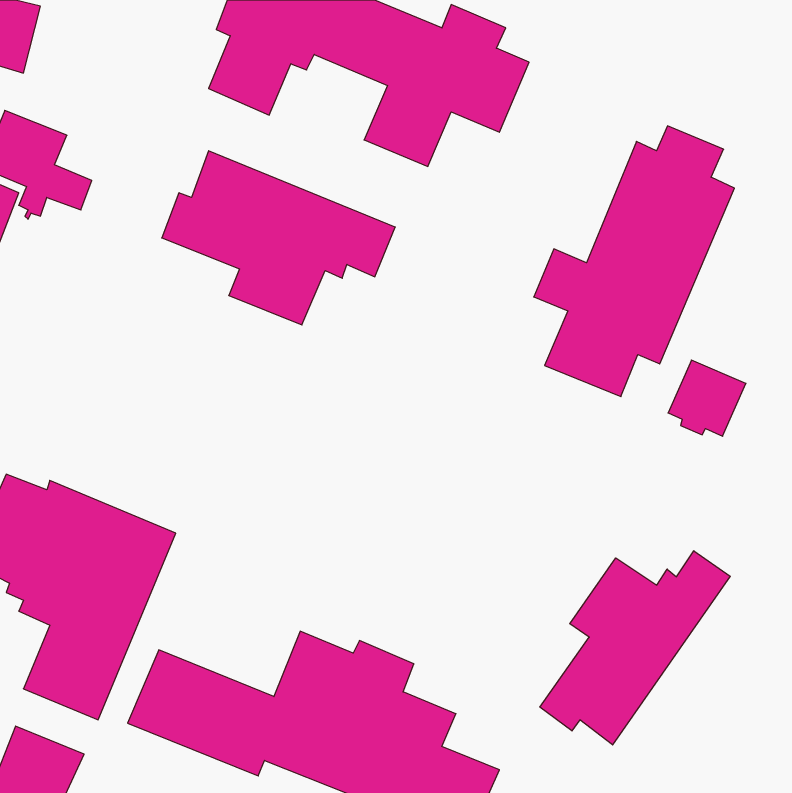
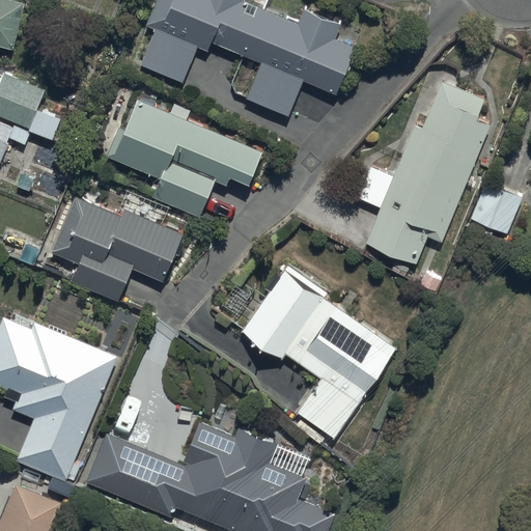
building: none -> [52,197,185,302]
building: [668,360,746,436] -> [469,184,521,234]
building: none -> [240,271,395,438]
building: [540,551,730,745] -> none

